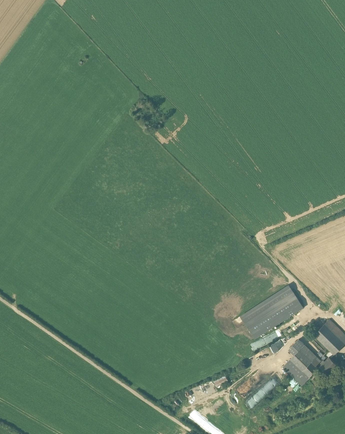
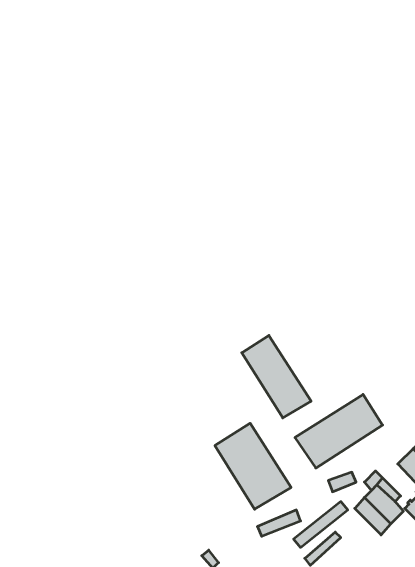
building: none -> [242,335,311,418]
building: none -> [215,423,291,509]

